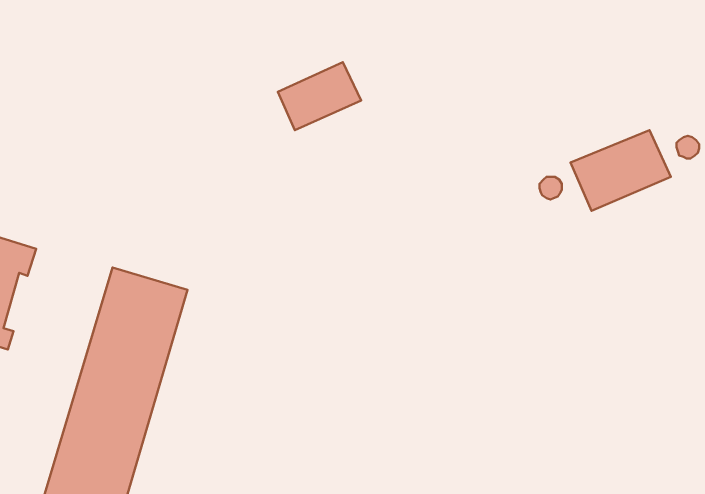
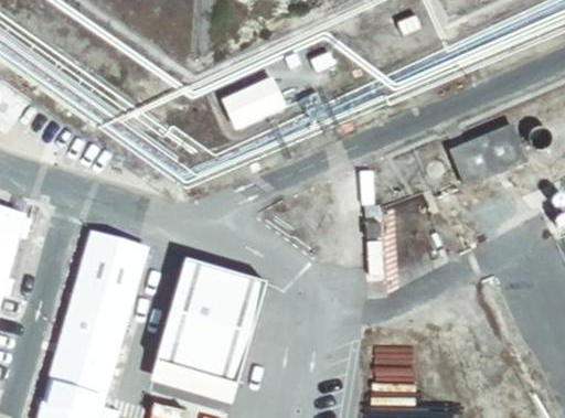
building: none -> [152,256,268,403]

